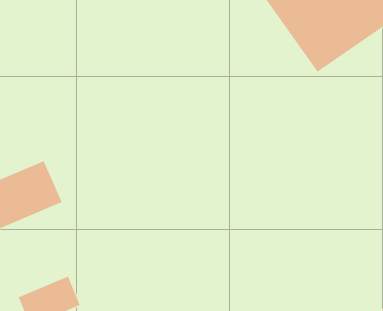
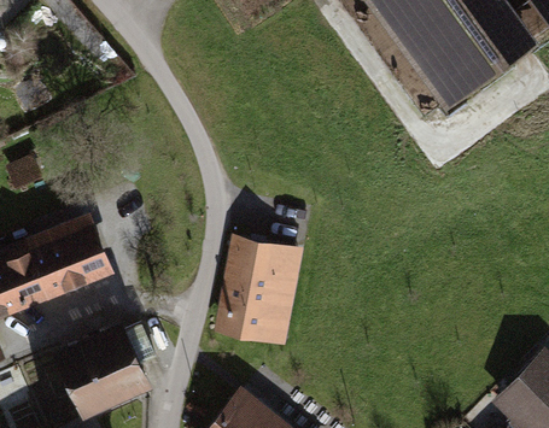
building: none -> [227,247,284,346]

